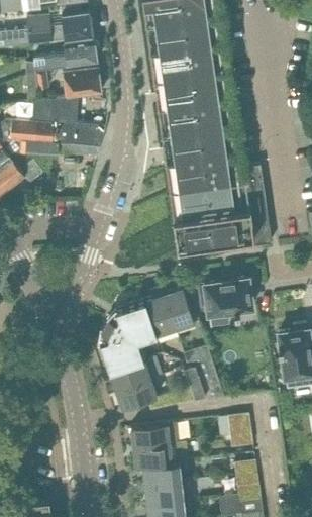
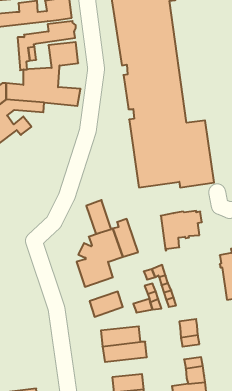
building: [164,288,195,330] -> [86,200,111,234]
building: [109,361,150,392] -> none
building: [134,462,181,487] -> none

